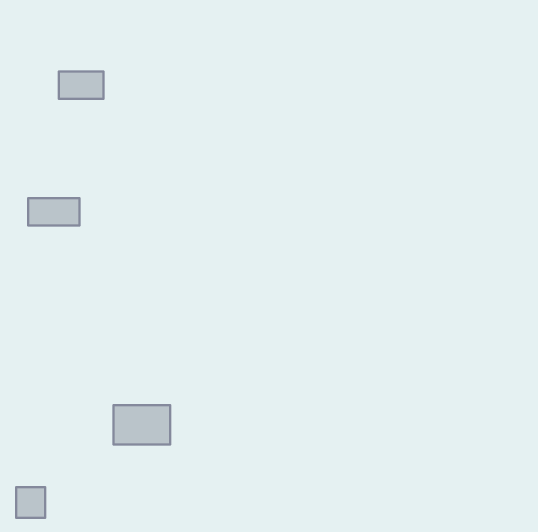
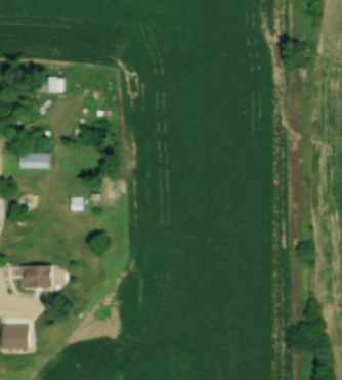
building: [114,405,170,445] -> [20,265,54,289]

